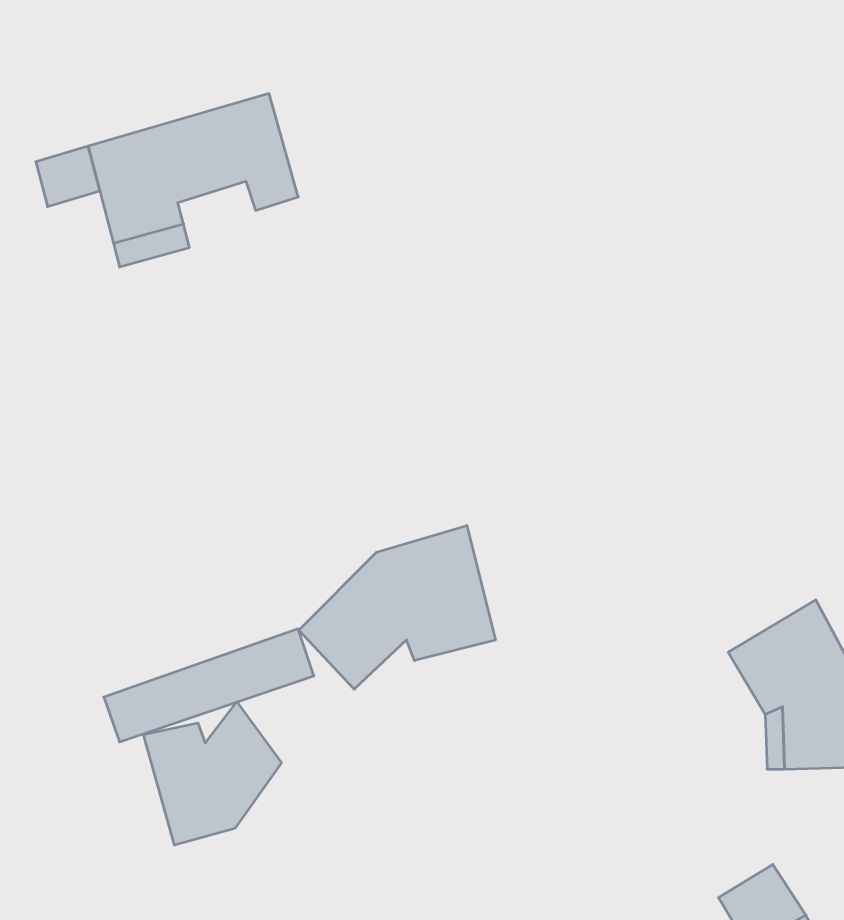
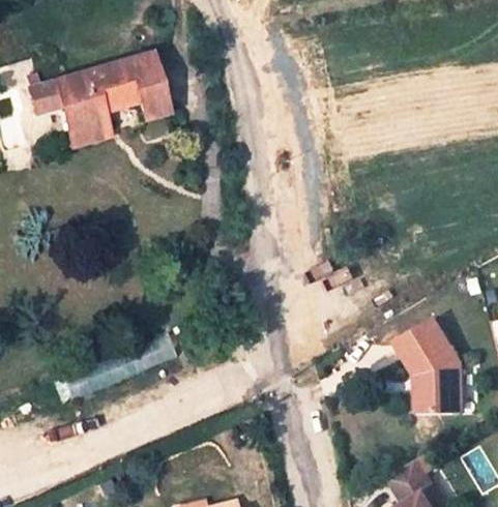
building: [299,525,495,689] -> none
building: [143,702,281,845] -> none

